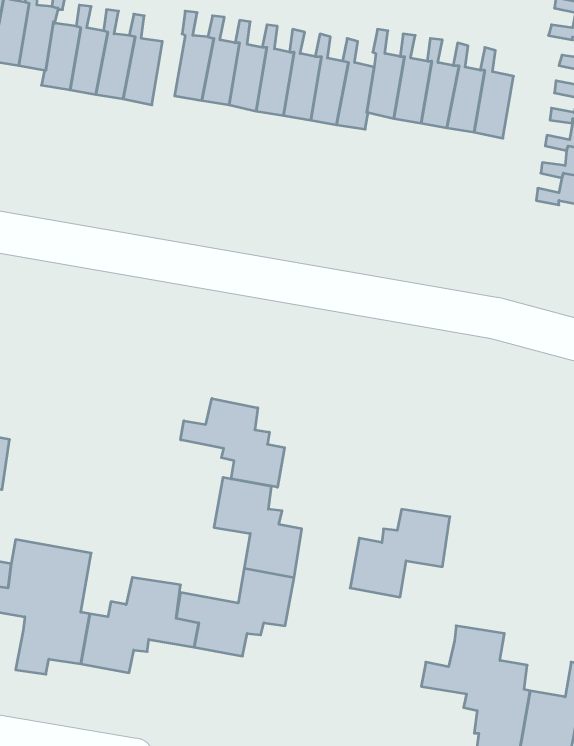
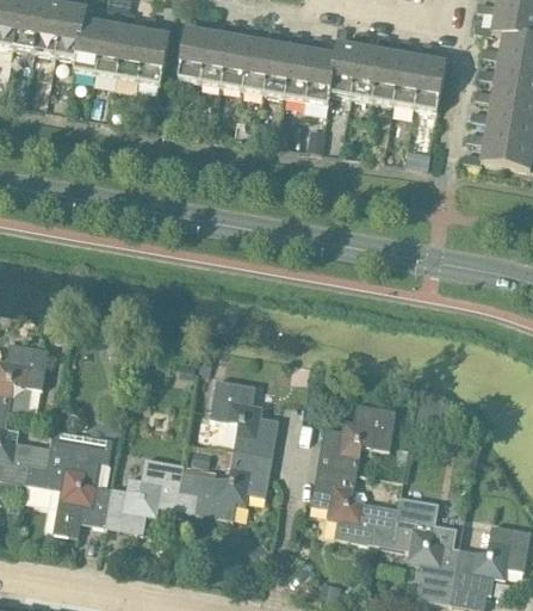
building: [181,398,285,487] -> none
building: none -> [311,467,399,544]

